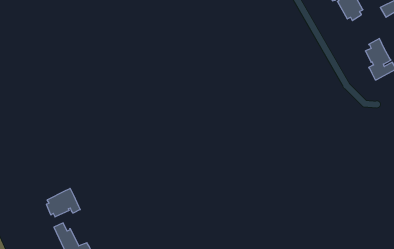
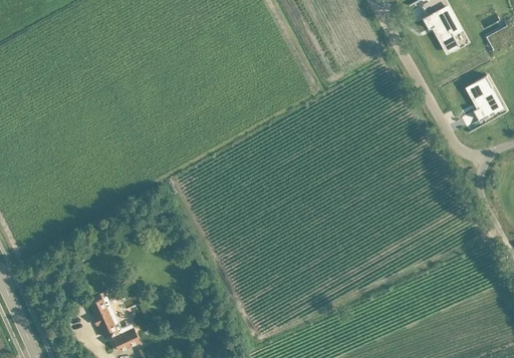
building: [47,188,80,217] -> none

